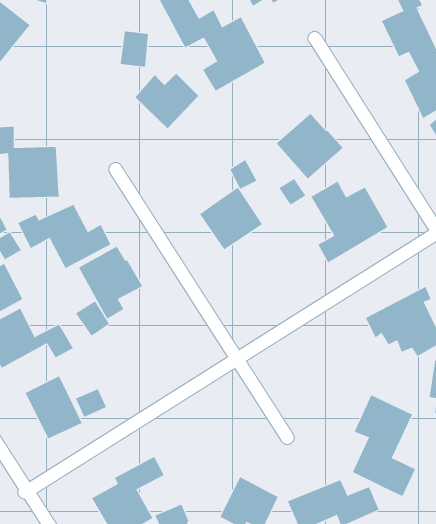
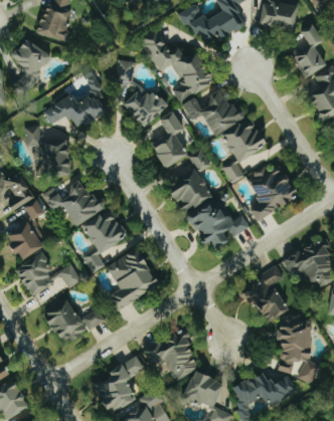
building: none -> [43,77,109,128]
building: none -> [182,88,246,135]
building: none -> [151,111,188,169]
building: none -> [188,202,248,246]
building: none -> [107,247,160,310]
building: none -> [241,266,288,321]
building: none -> [143,330,202,380]

